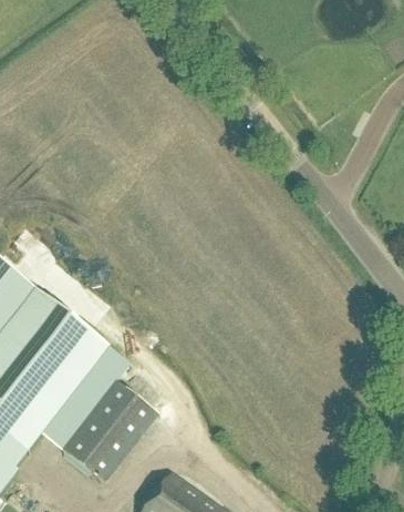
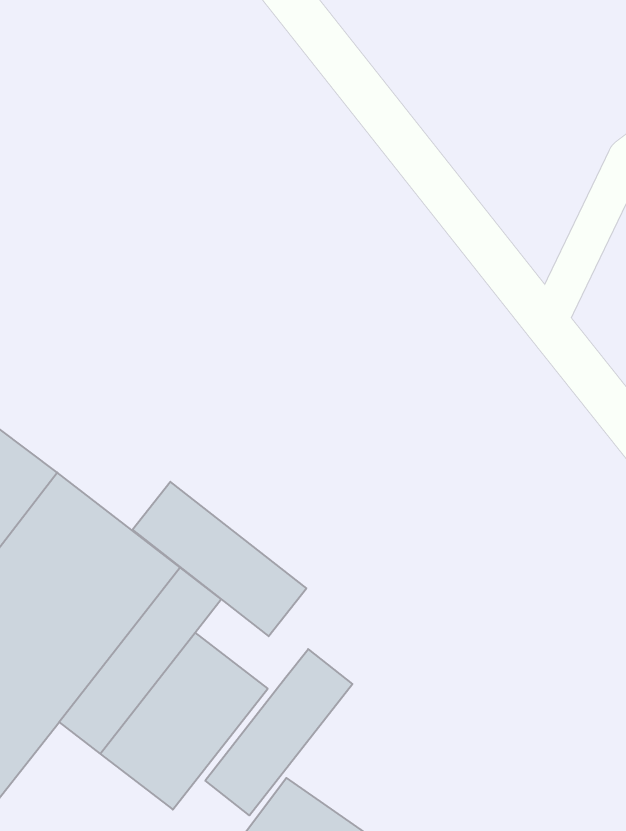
building: none -> [133,482,306,636]
building: none -> [205,649,352,815]

